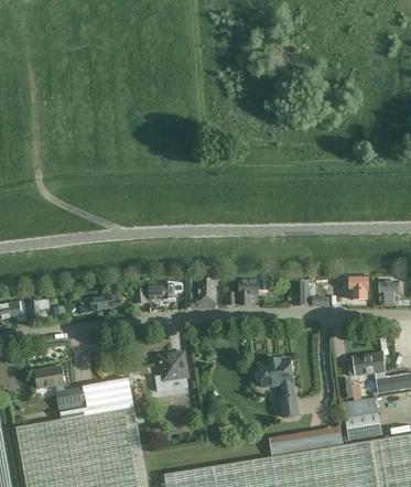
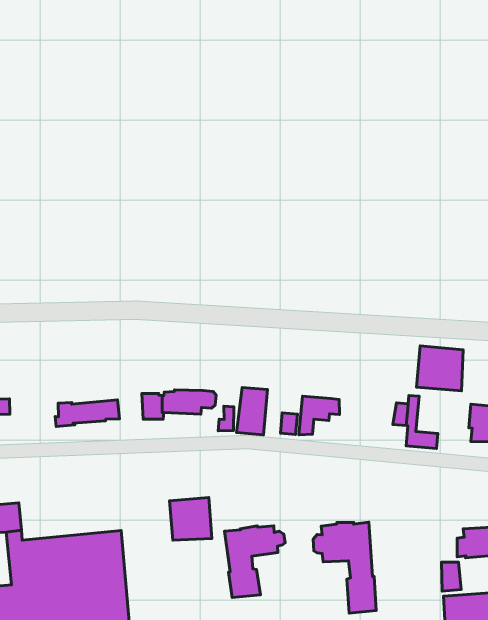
building: none -> [416,346,463,391]
building: none -> [225,526,285,597]

